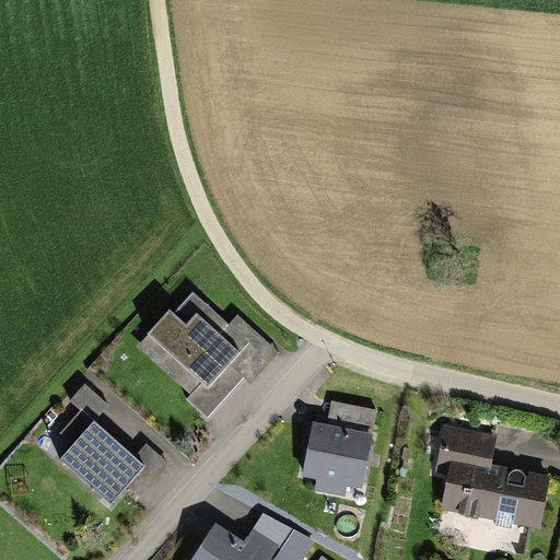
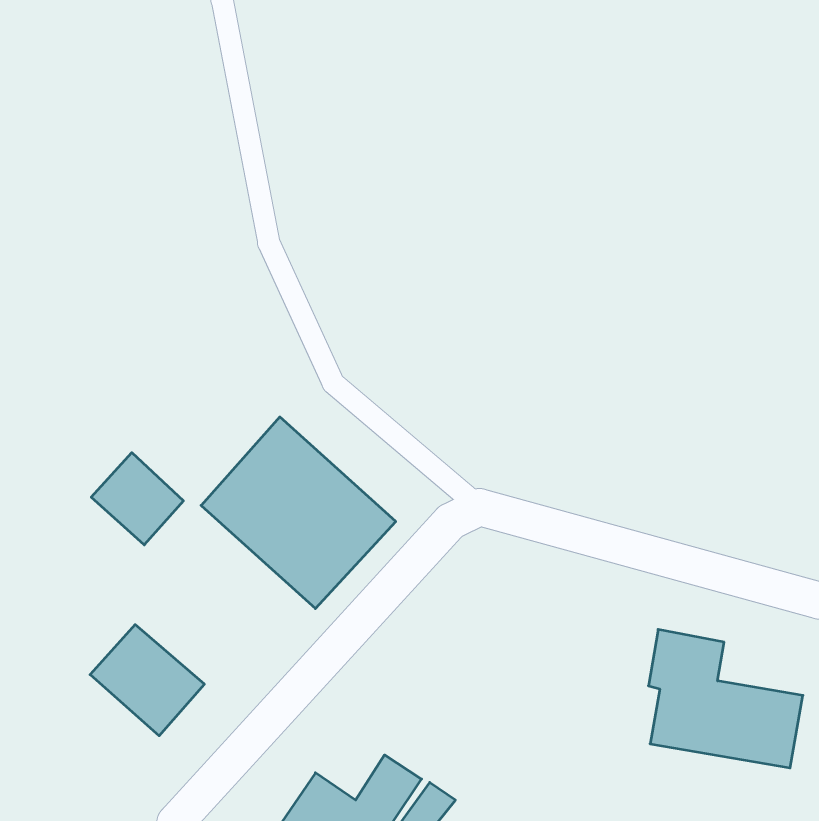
building: none -> [91,453,183,545]
building: [303,397,378,499] -> none

